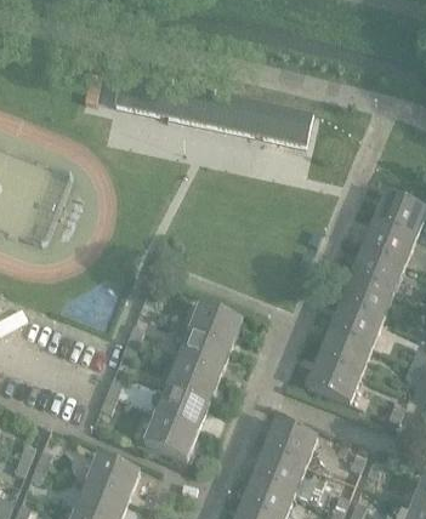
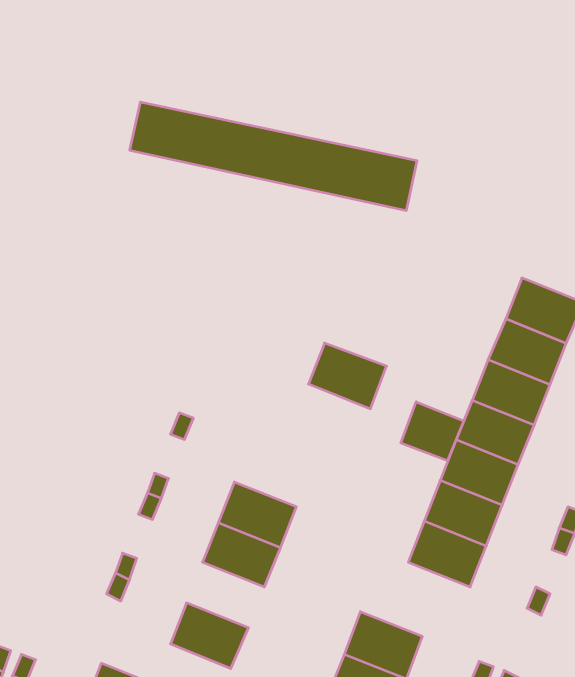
building: none -> [401,402,464,461]
building: [188,302,242,347] -> [308,343,387,409]
building: [155,384,209,429] -> none

